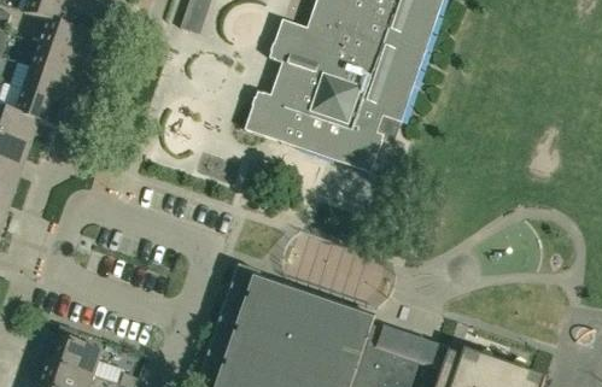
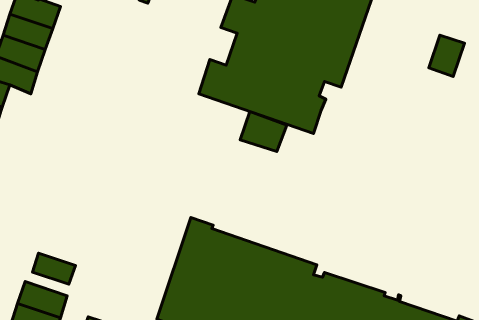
building: none -> [429,35,465,77]
building: none -> [240,111,287,152]
building: none -> [33,253,76,284]

